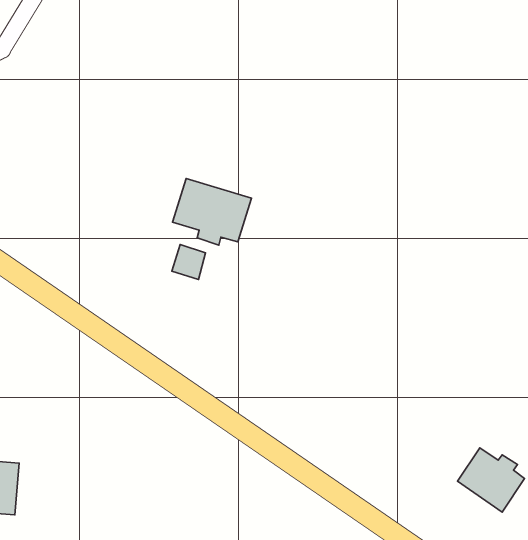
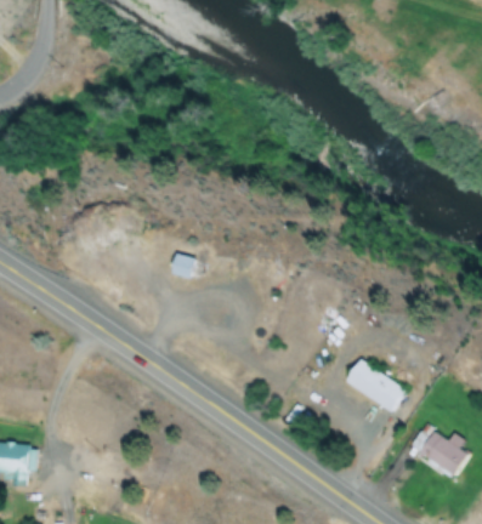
building: [173,179,251,245] -> none
building: none -> [345,358,410,415]

